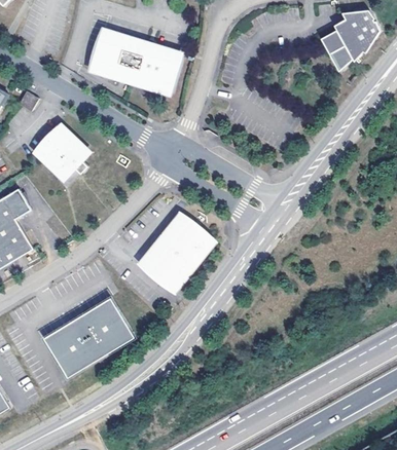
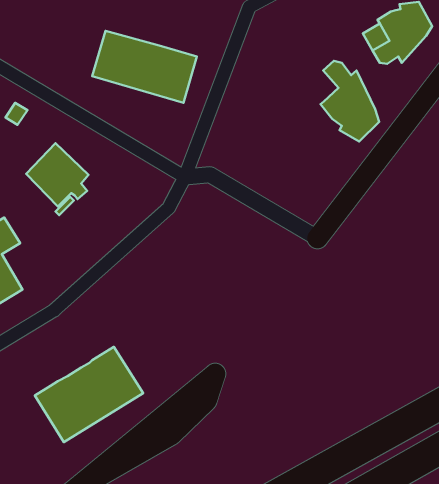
building: none -> [321,61,379,141]
building: [141,215,212,288] -> none

